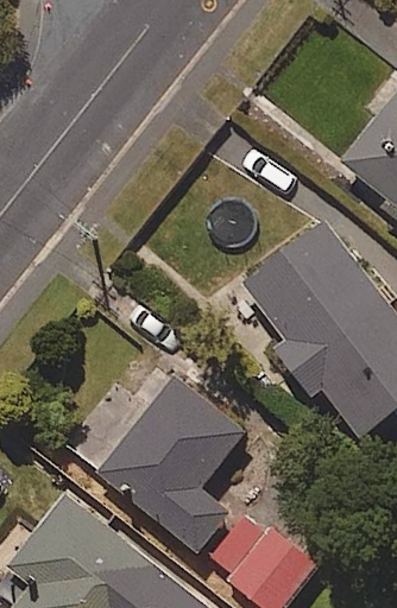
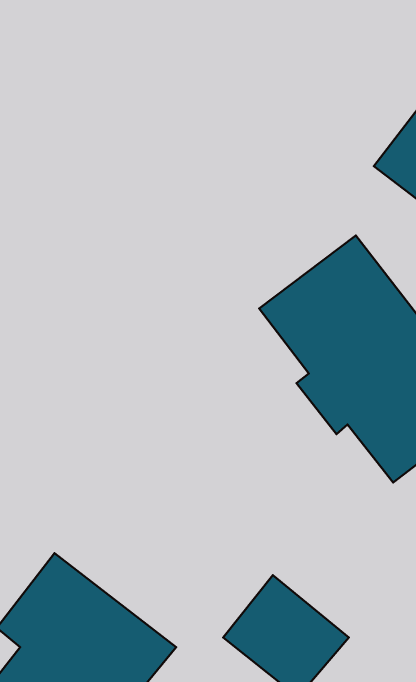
building: [103,379,241,545] -> none

